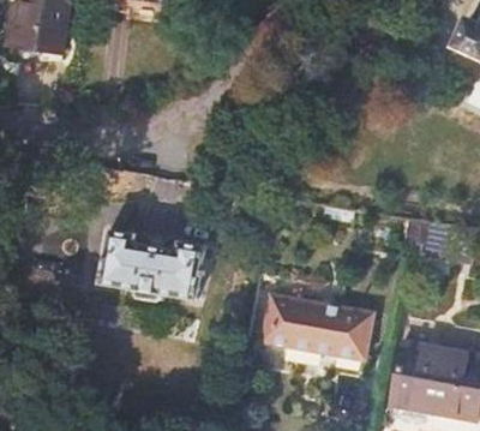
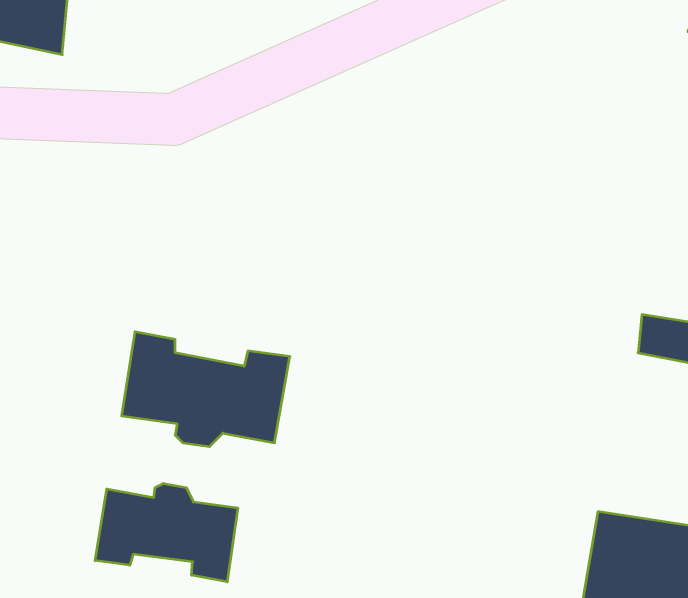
building: [263,288,374,354] -> none
building: none -> [95,483,238,582]

